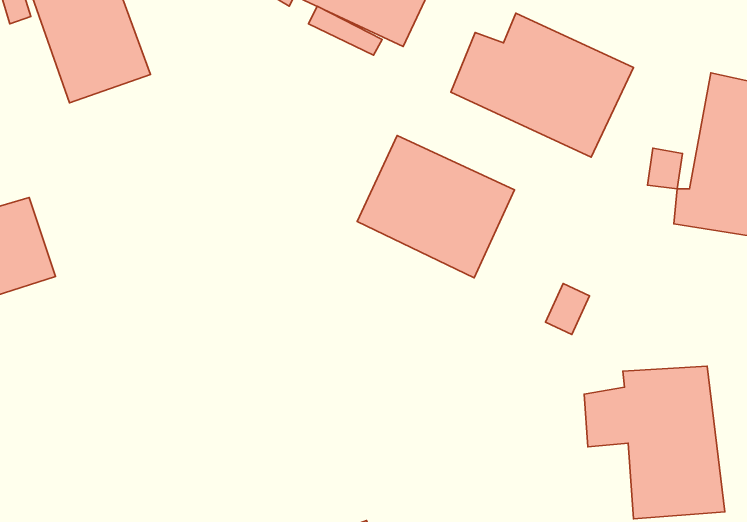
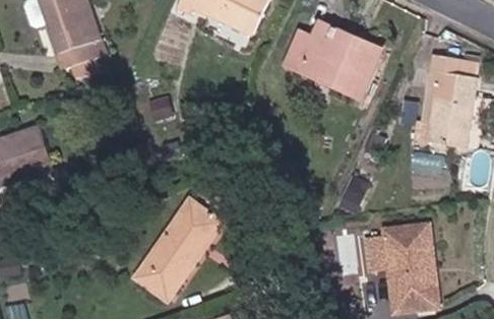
building: [357,135,515,278] -> none
building: none -> [131,196,225,302]

